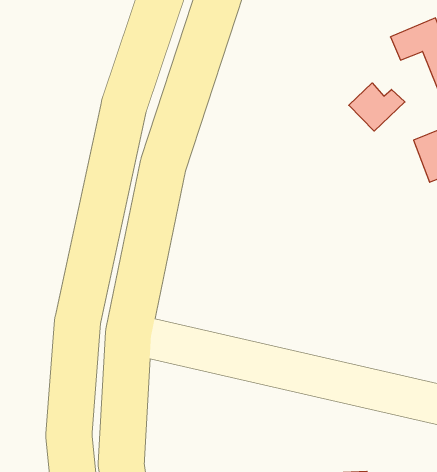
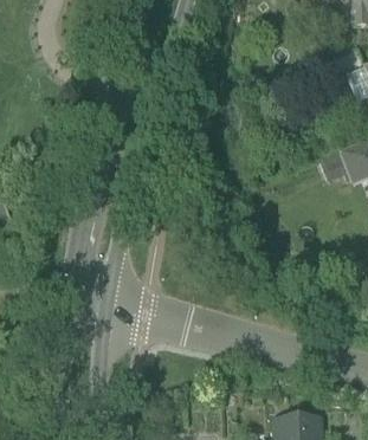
building: [349,83,405,131] -> none

